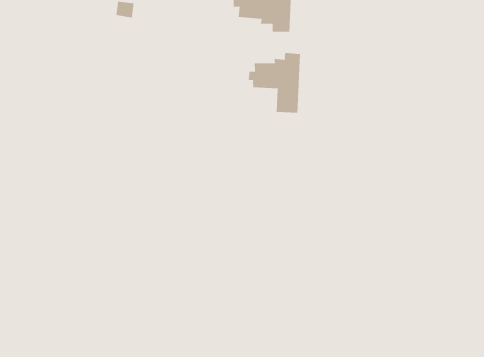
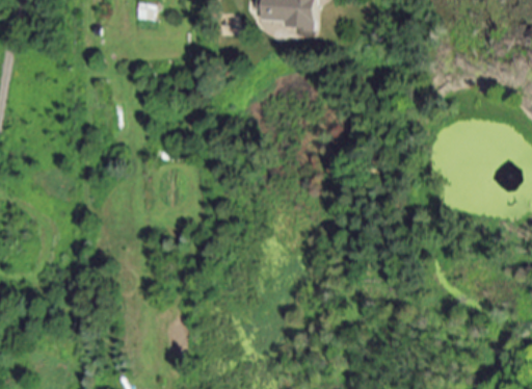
building: [248,52,301,114] -> none

